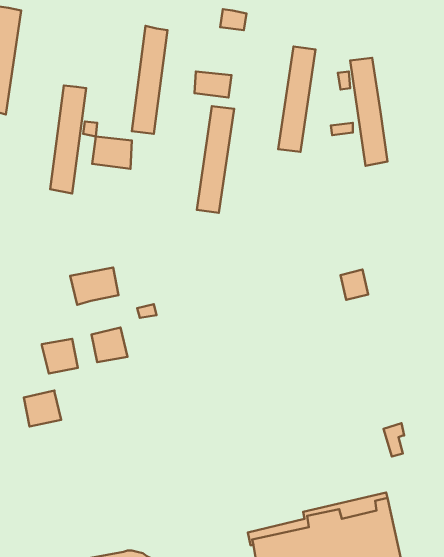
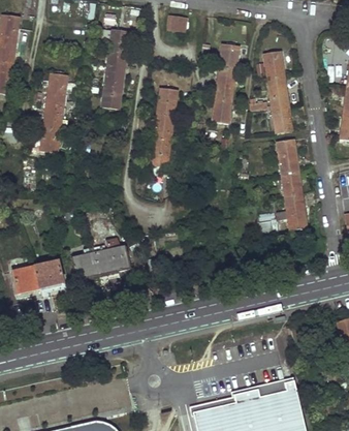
building: [194,72,232,98] -> none
building: [92,137,132,169] -> none
building: none -> [278,138,307,230]
building: [70,267,119,305] -> [94,247,130,275]
building: [24,391,61,427] -> [12,266,40,293]

